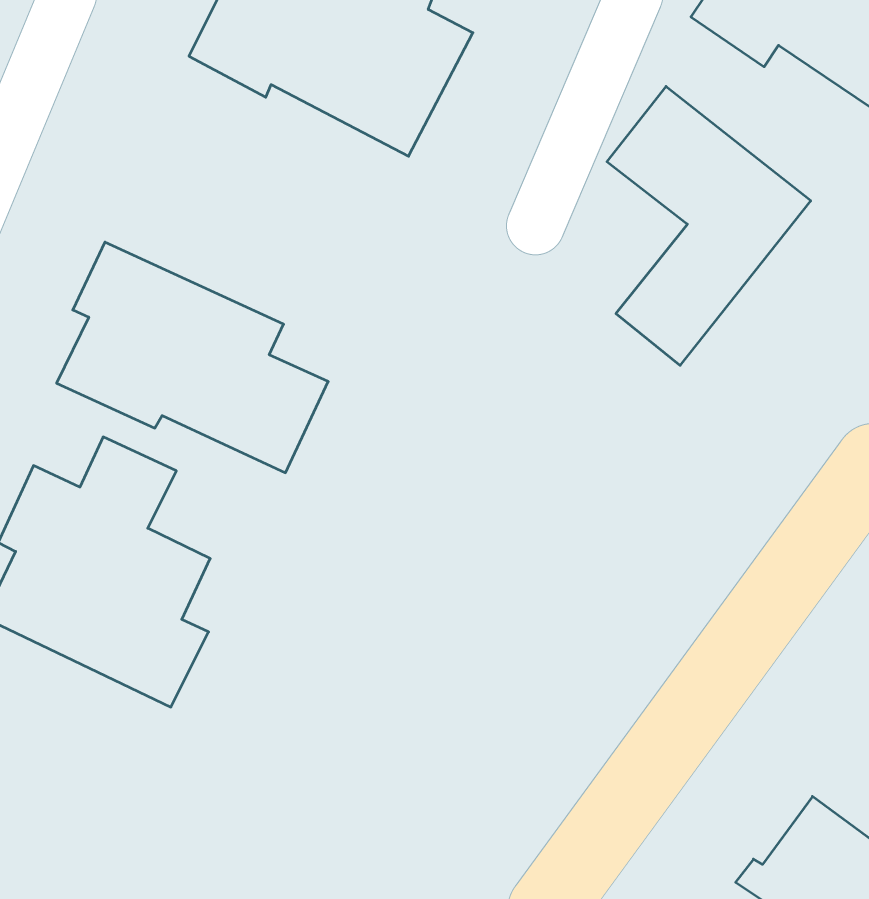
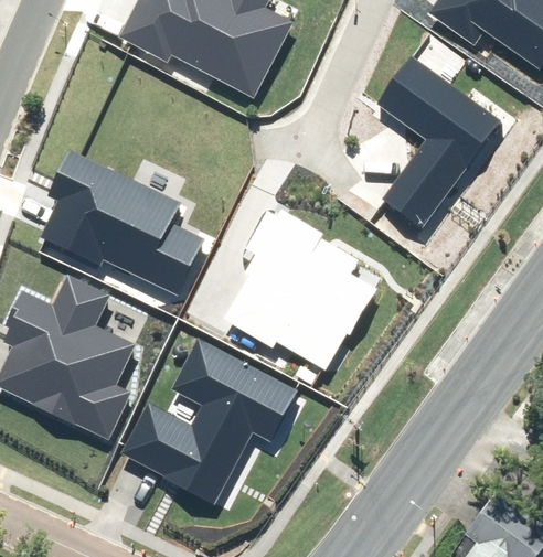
building: none -> [222,203,377,368]
building: none -> [121,340,297,505]

